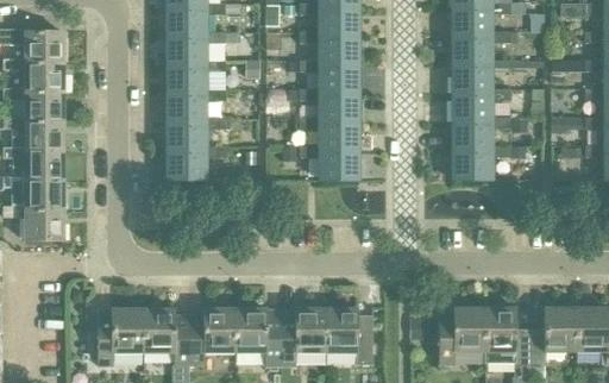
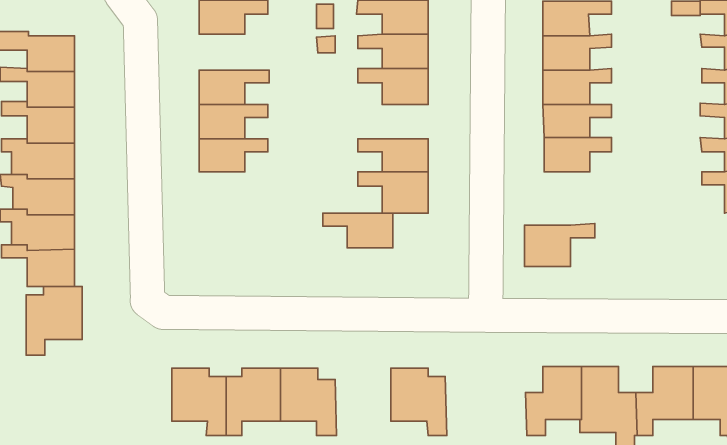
building: [168,31,226,61] -> none
building: [300,89,358,118] -> [323,213,393,248]
building: [454,144,513,180] -> [525,224,595,267]
building: [168,145,226,180] -> none
building: [99,308,145,365] -> [26,286,82,355]
building: [281,308,327,364] -> none

